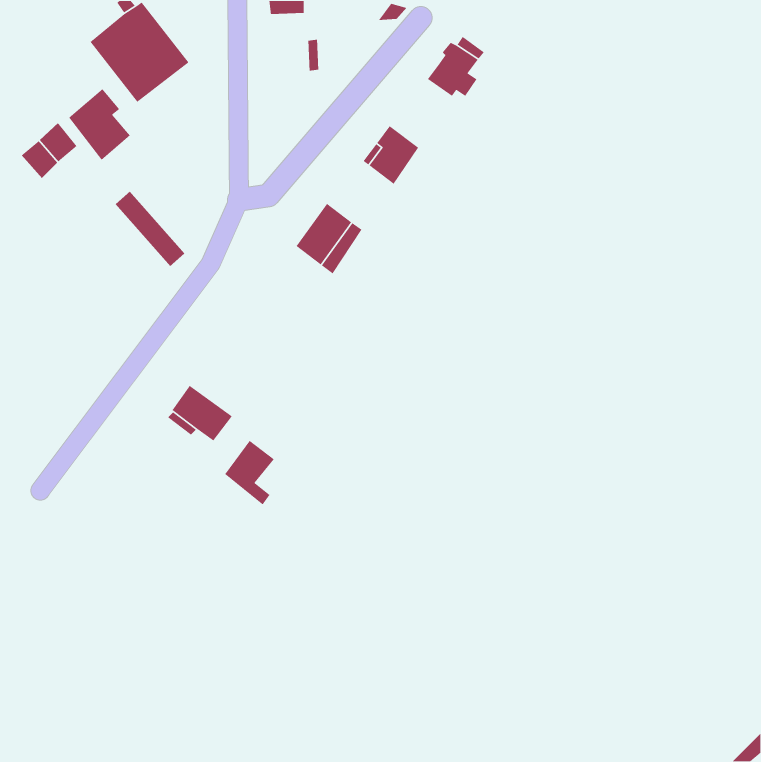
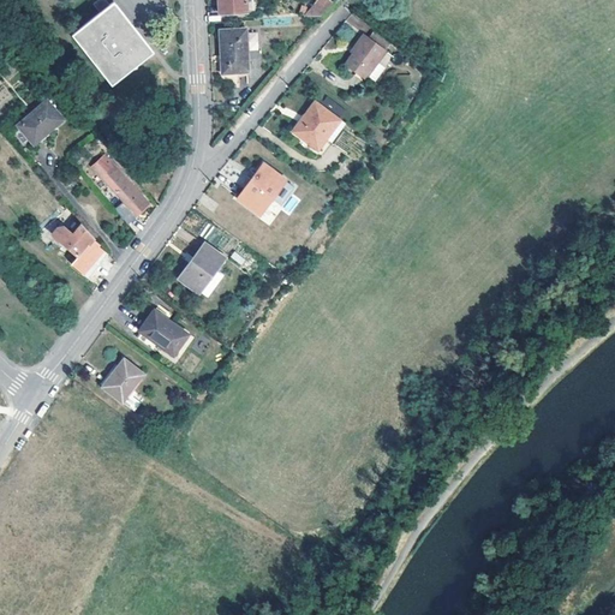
building: none -> [219,28,247,72]
building: [68,88,131,161] -> none
building: none -> [53,223,108,277]
building: none -> [179,243,223,293]
building: [224,440,275,505] -> [102,358,143,411]

